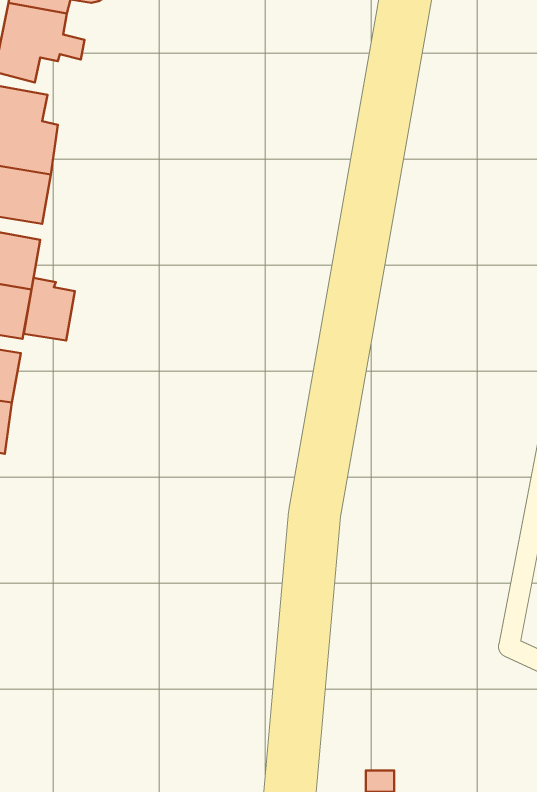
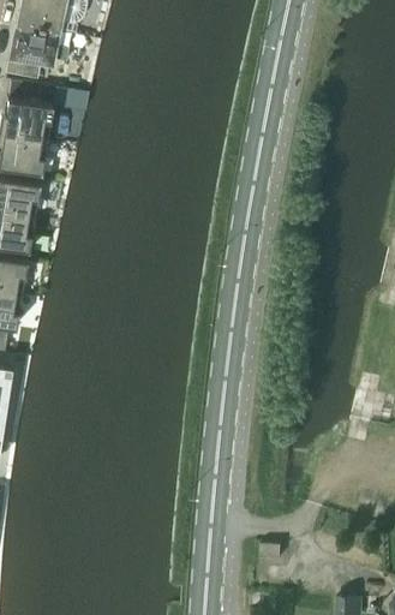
building: [24,278,75,341] -> none

